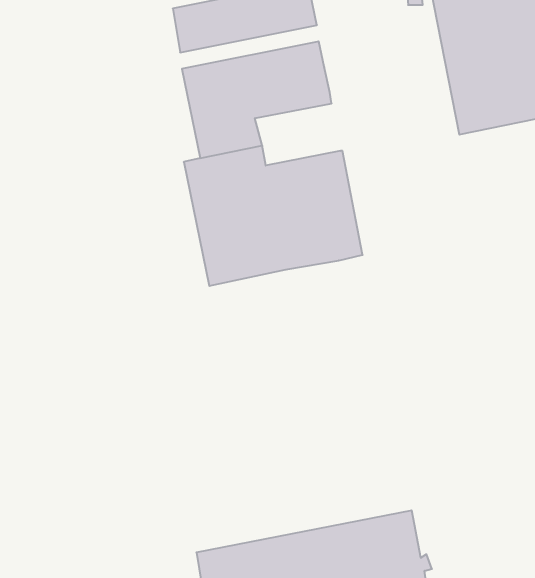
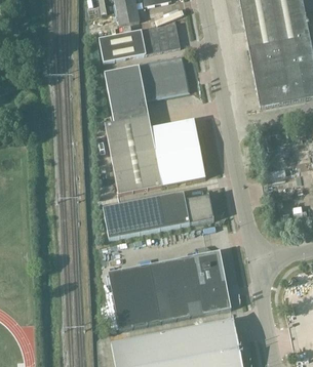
building: none -> [103,190,213,238]
building: none -> [108,245,231,329]

